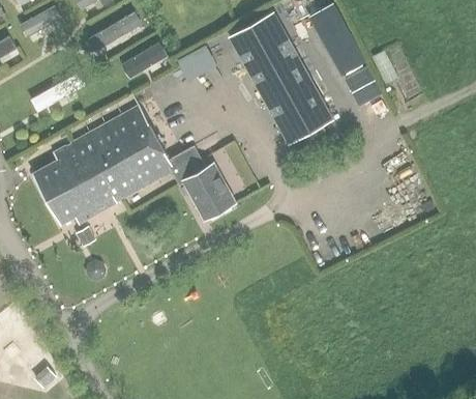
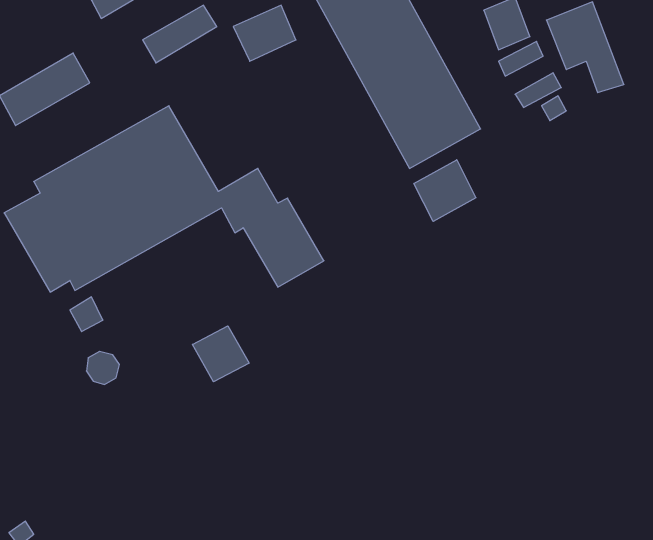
building: none -> [414,160,476,221]
building: none -> [192,326,249,382]

